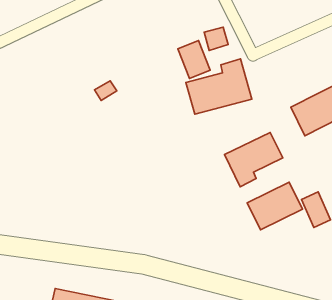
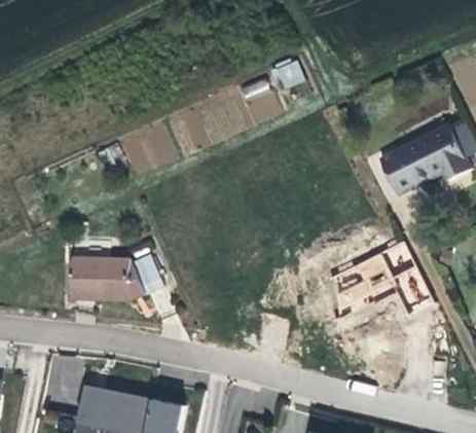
building: [186,59,252,114] -> none
building: [224,133,283,187] -> none
building: none -> [71,255,163,300]

